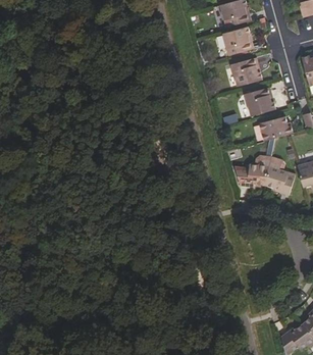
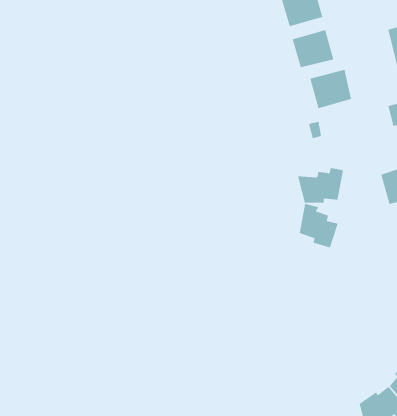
building: [260,115,294,140] -> none
building: [266,161,296,195] -> [299,203,339,248]

